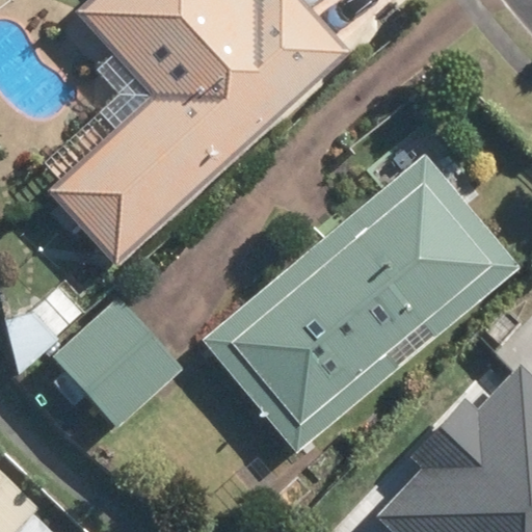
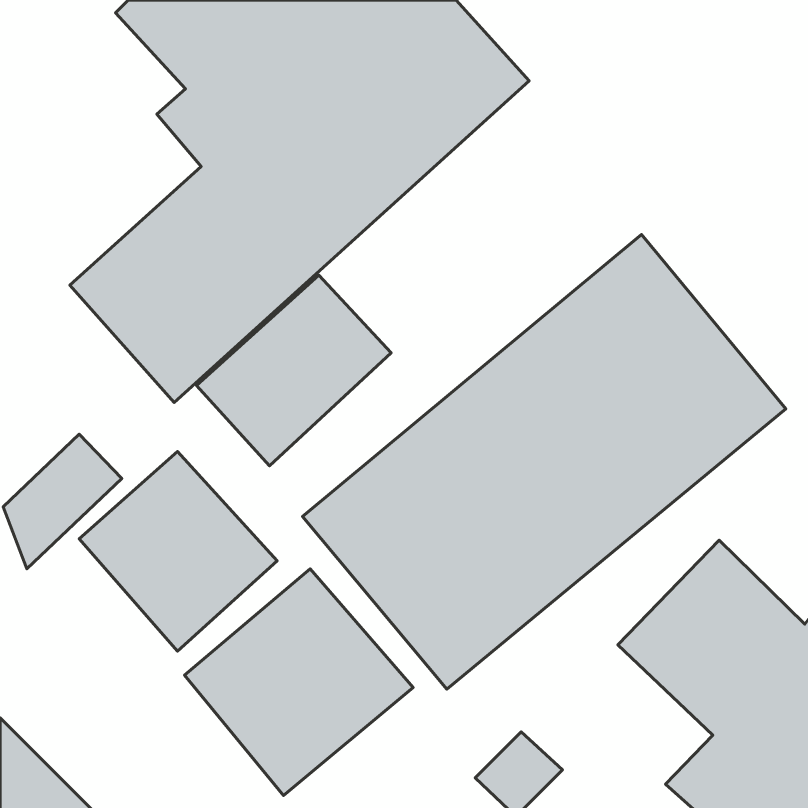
building: none -> [196,275,391,466]
building: none -> [184,569,413,796]

